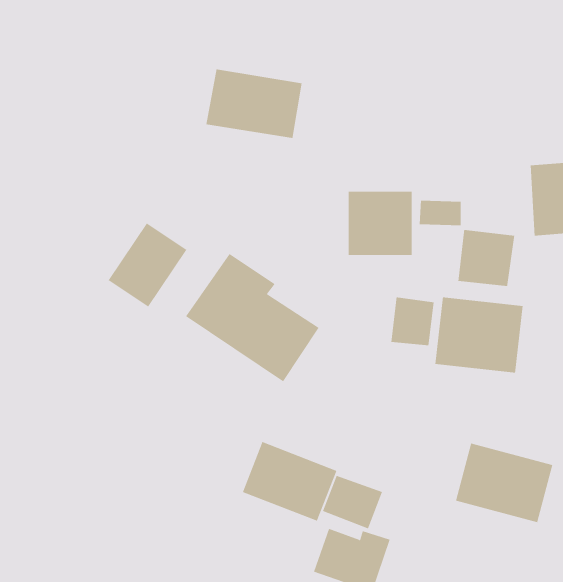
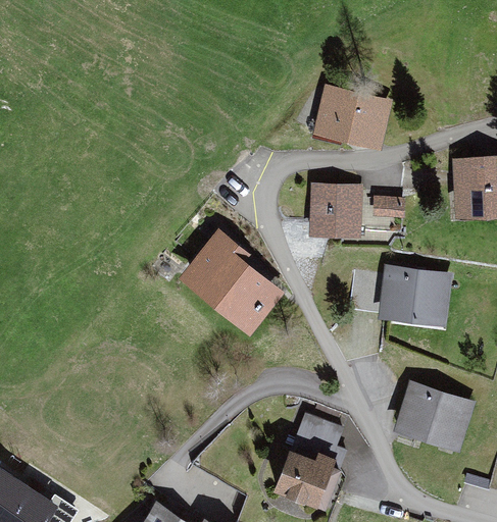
building: [206,69,302,139] -> [314,88,391,143]
building: [108,222,187,307] -> none
building: [458,229,515,287] -> none
building: [242,441,337,522] -> none

